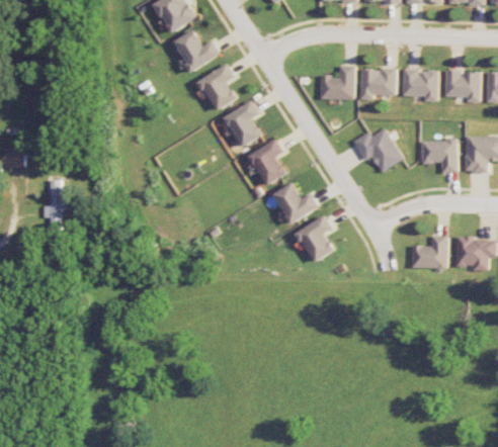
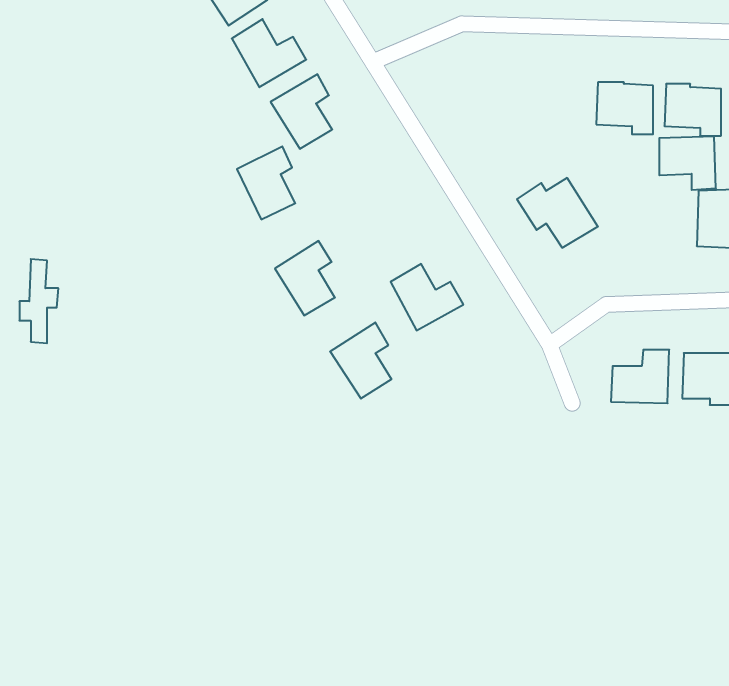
building: [320,66,354,99] -> none
building: [360,68,396,99] -> none
building: [225,101,261,147] -> [237,146,295,219]
building: [248,139,285,185] -> [275,241,335,315]
building: [421,140,456,173] -> [659,136,716,190]
building: [296,214,334,262] -> [330,322,392,399]

